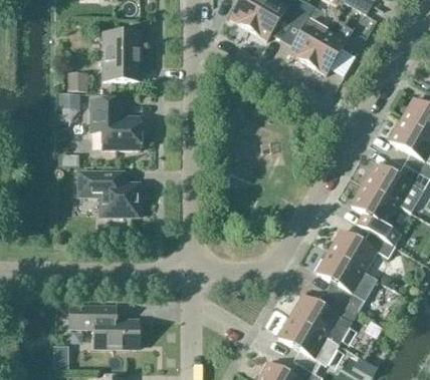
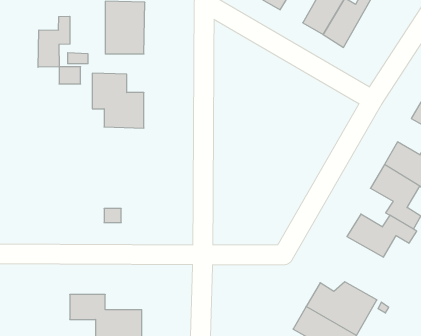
building: none -> [38,16,70,67]
building: [78,170,140,216] -> none
building: [317,251,377,310] -> none

